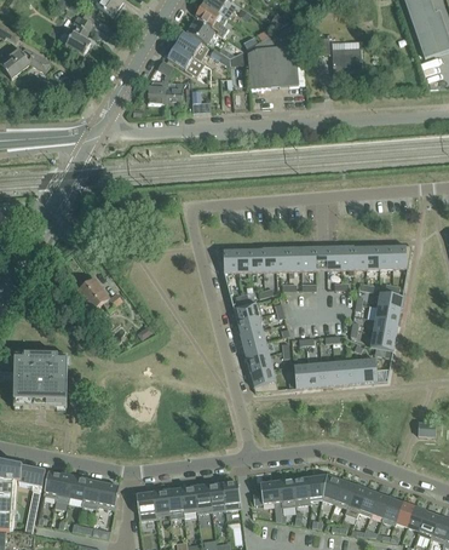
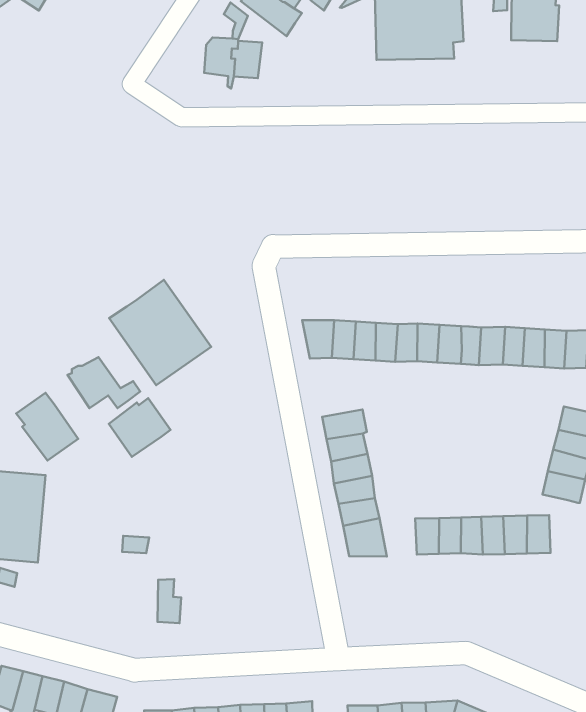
building: none -> [109,280,211,385]
building: none -> [109,398,170,457]
building: none -> [16,393,78,460]

